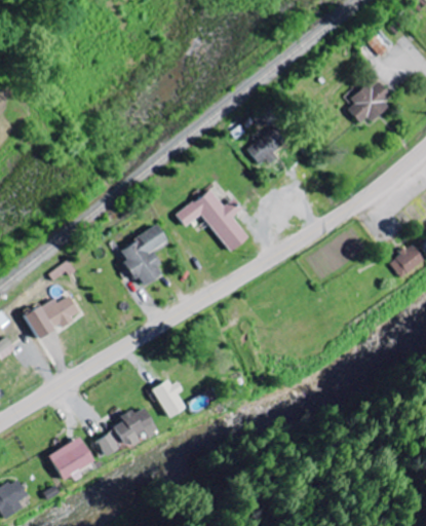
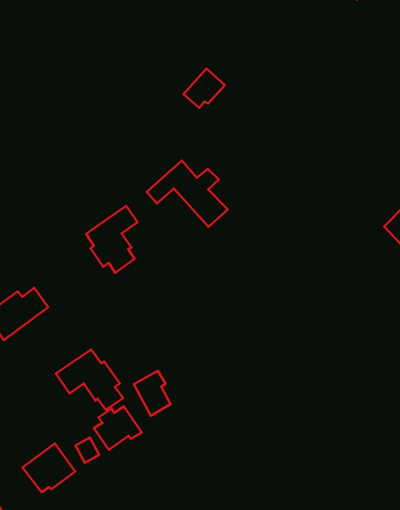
building: [348,77,394,124] -> none
building: [247,129,285,164] -> [183,68,225,108]
building: none -> [56,349,123,410]

